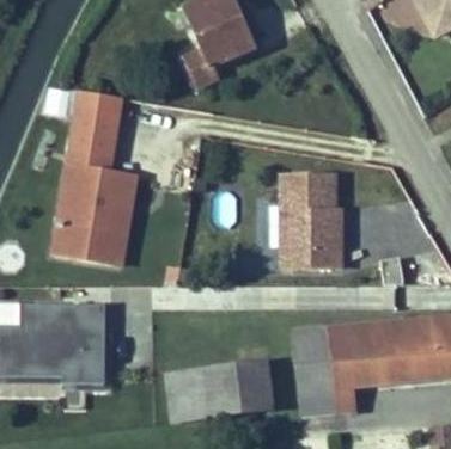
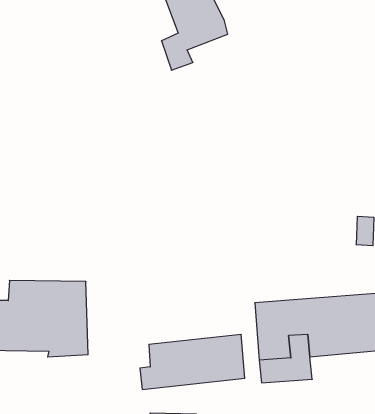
building: [56,109,146,269] -> none
building: [282,173,342,267] -> none

